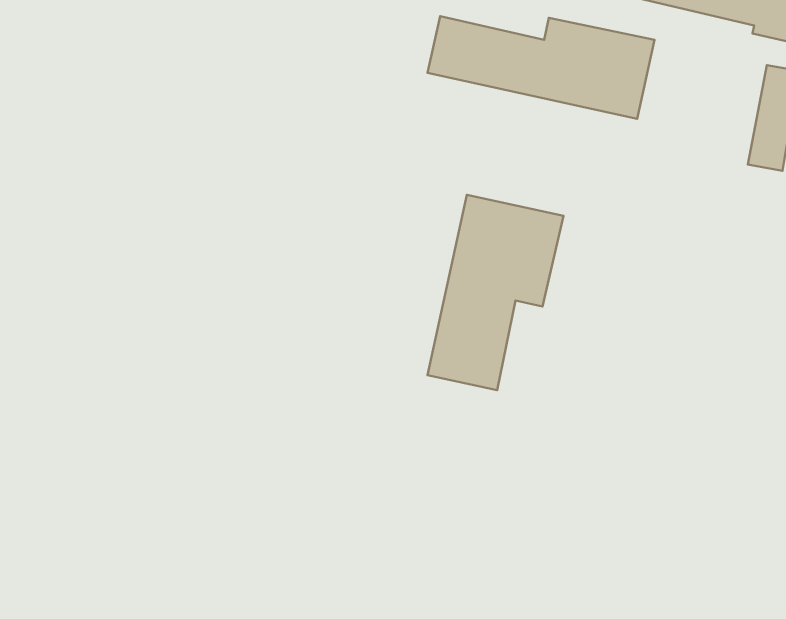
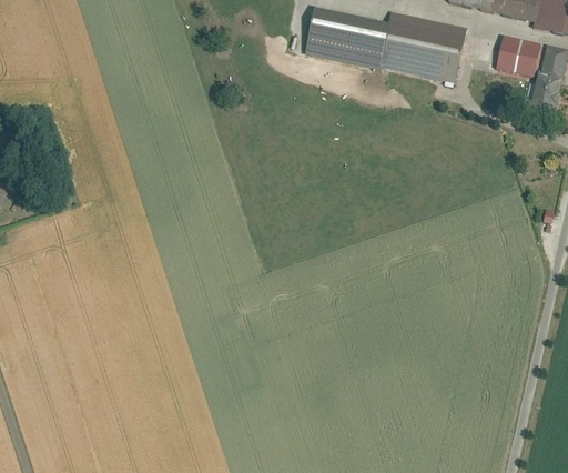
building: none -> [496,39,542,80]
building: [428,195,563,390] -> none

